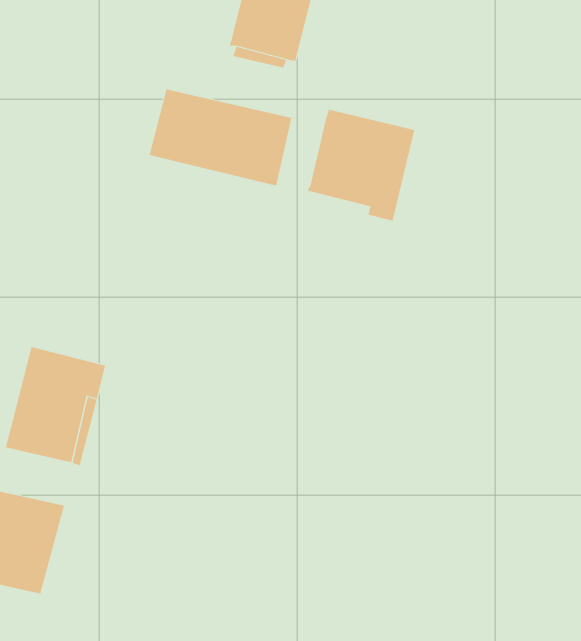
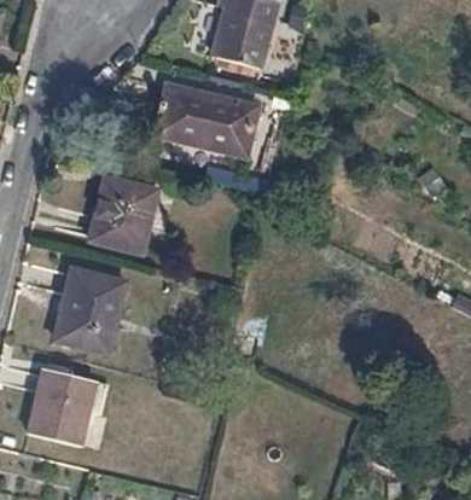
building: [307,109,415,221] -> none
building: none -> [91,176,158,252]

